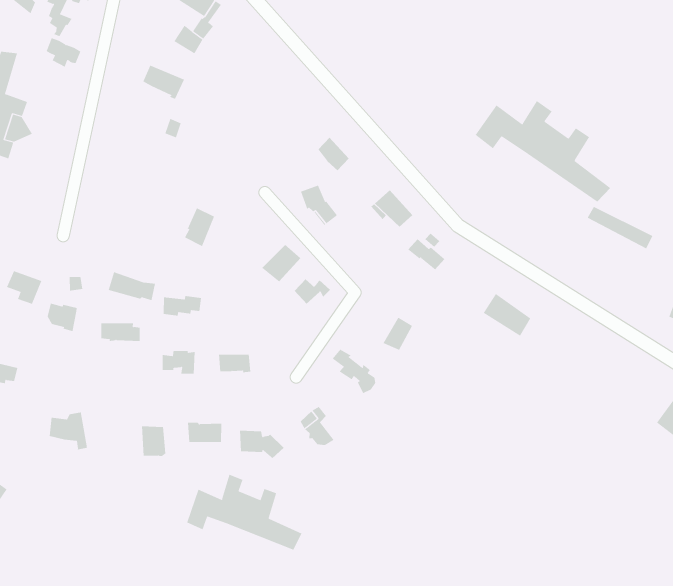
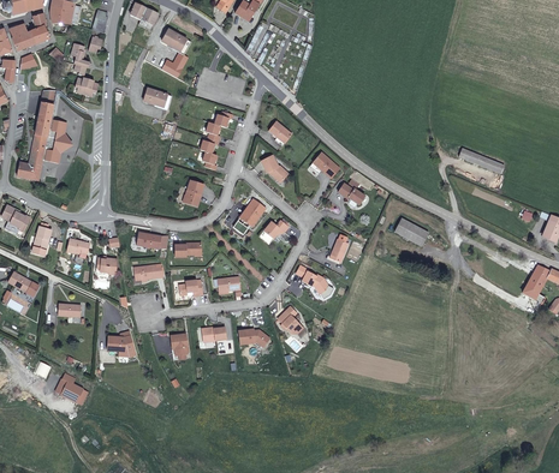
building: [475,100,611,203] -> none
building: none -> [200,112,233,172]
building: [186,474,302,551] -> none

